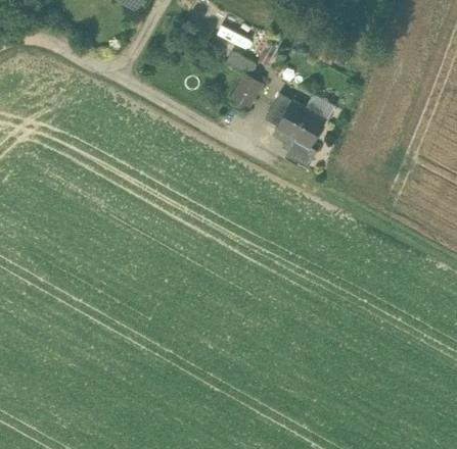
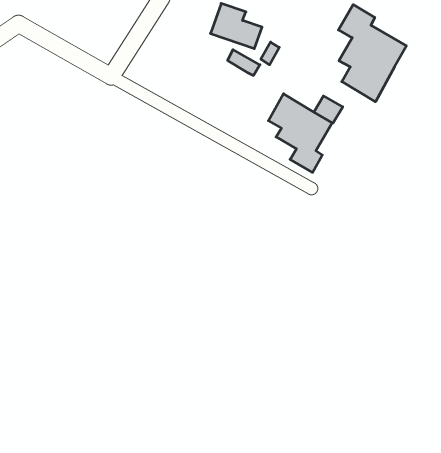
building: none -> [338,5,406,102]
building: [228,72,263,111] -> none

